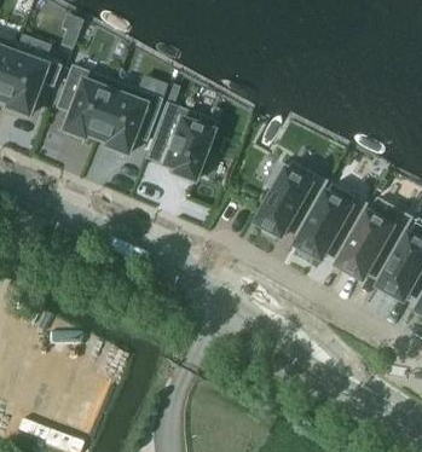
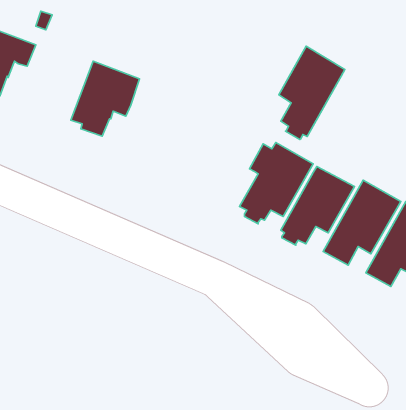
building: [57,65,116,139] -> none
building: none -> [279,46,345,139]
building: [148,102,215,181] -> none

